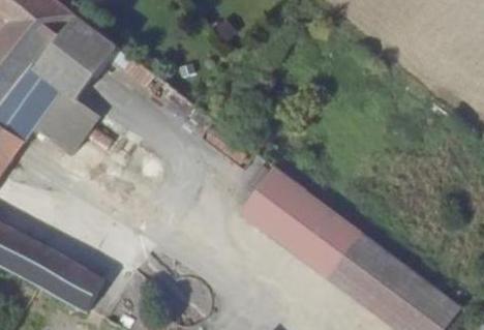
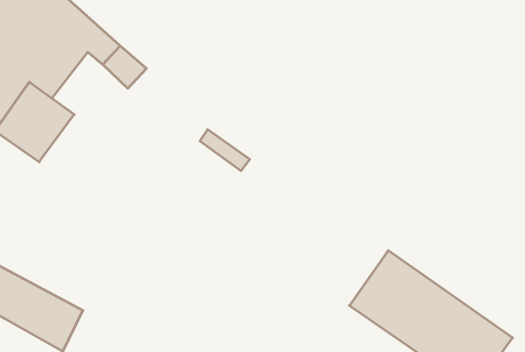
building: [237,168,358,275] -> none

